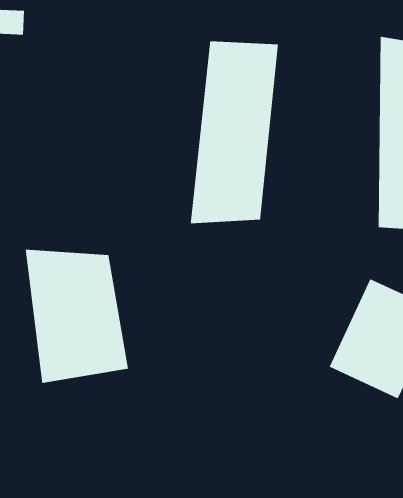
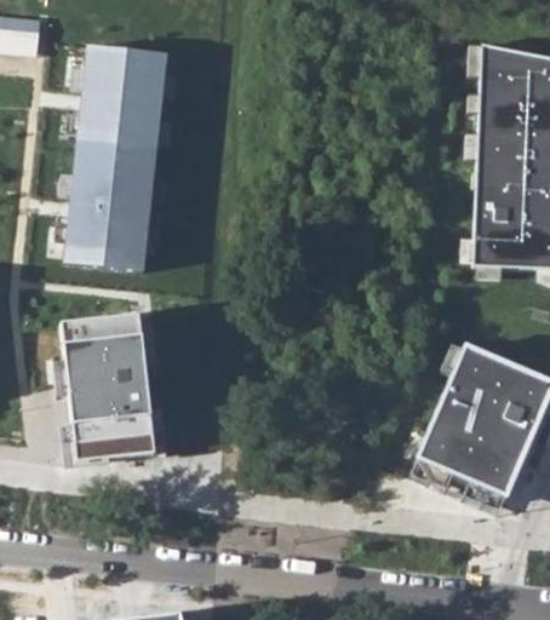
building: none -> [47,44,168,258]
building: [190,40,278,224] -> none

